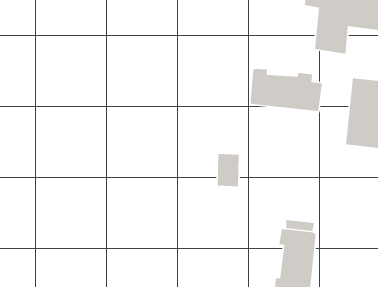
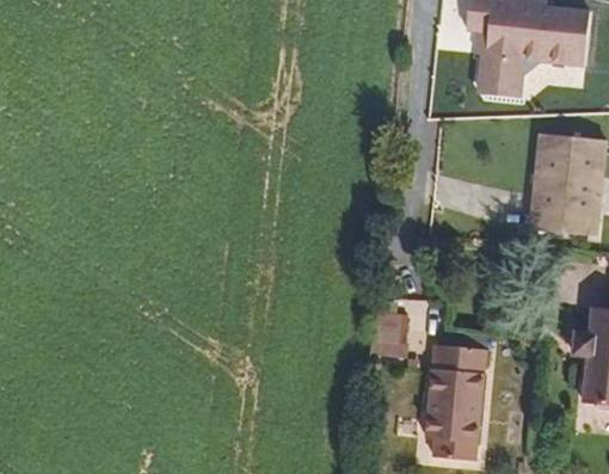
building: [250,68,323,112] -> none
building: [217,153,240,187] -> [376,309,408,357]

